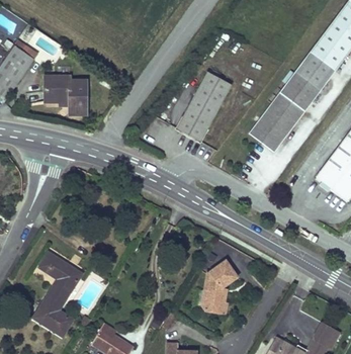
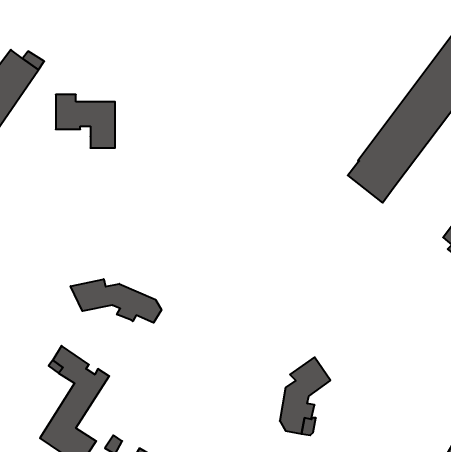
building: [176,69,231,142] -> none
building: none -> [71,279,161,323]

